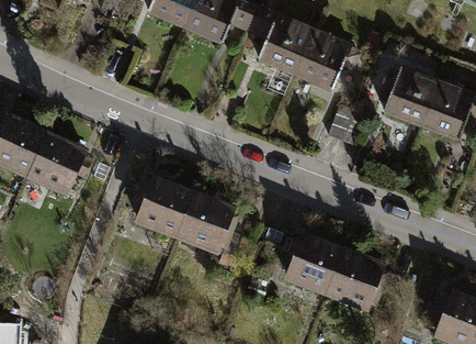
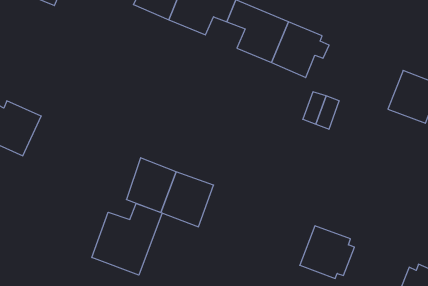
building: [378,67,438,123] -> none
building: [26,131,88,191] -> none
building: none -> [92,204,162,275]
building: [287,234,342,292] -> none

